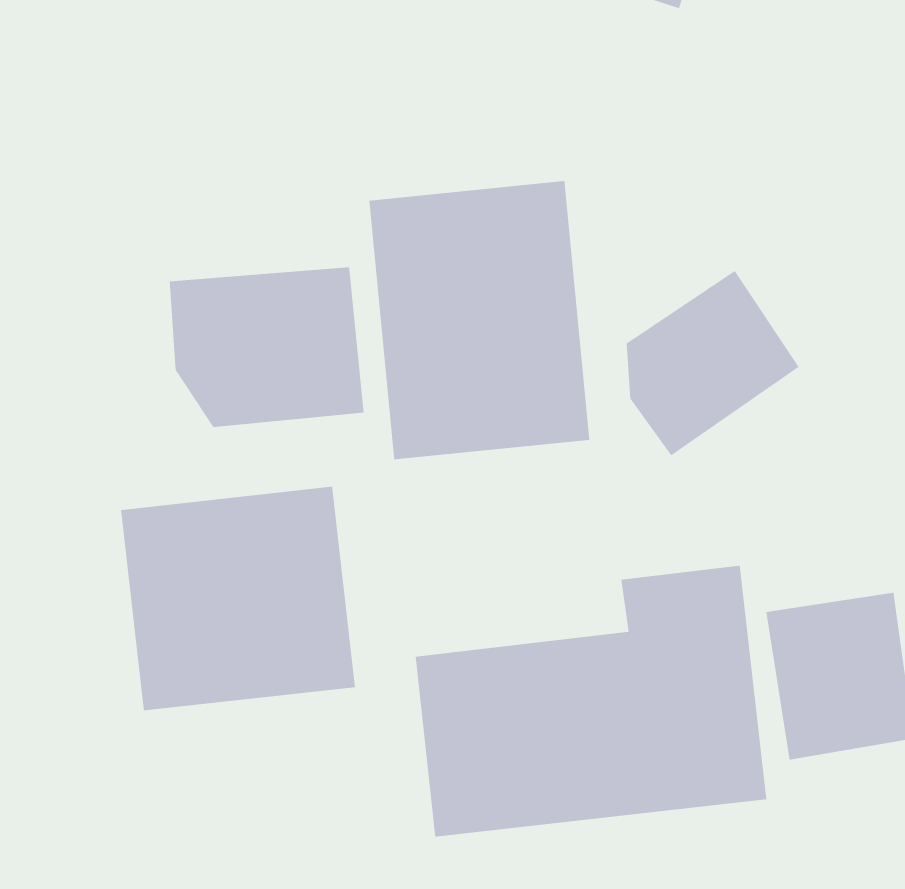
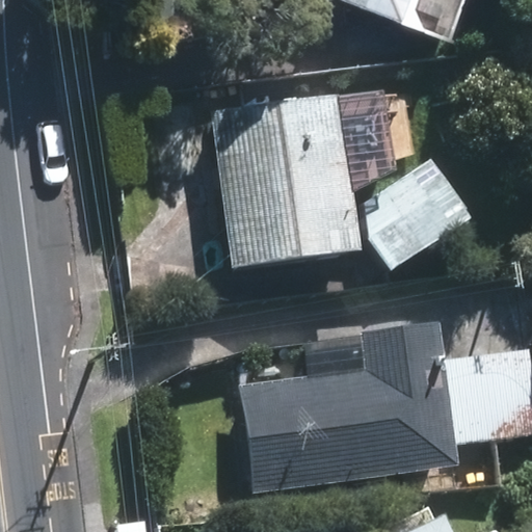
building: [169,267,364,428] -> none
building: [121,486,355,711] -> none

